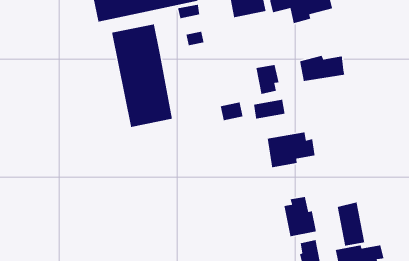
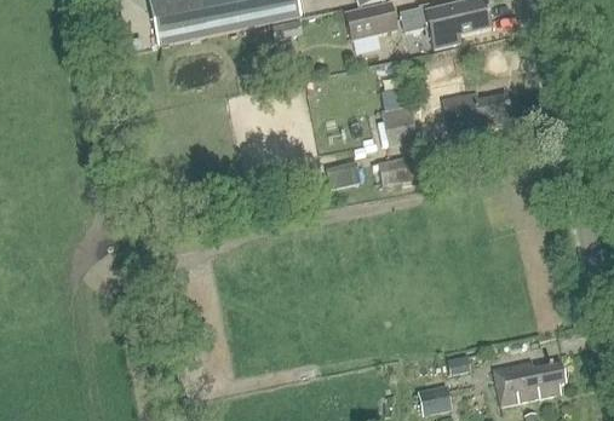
building: [111,23,173,128] -> none
building: [267,131,315,168] -> none
building: [283,196,317,237] -> none
building: [337,202,365,246] -> none

